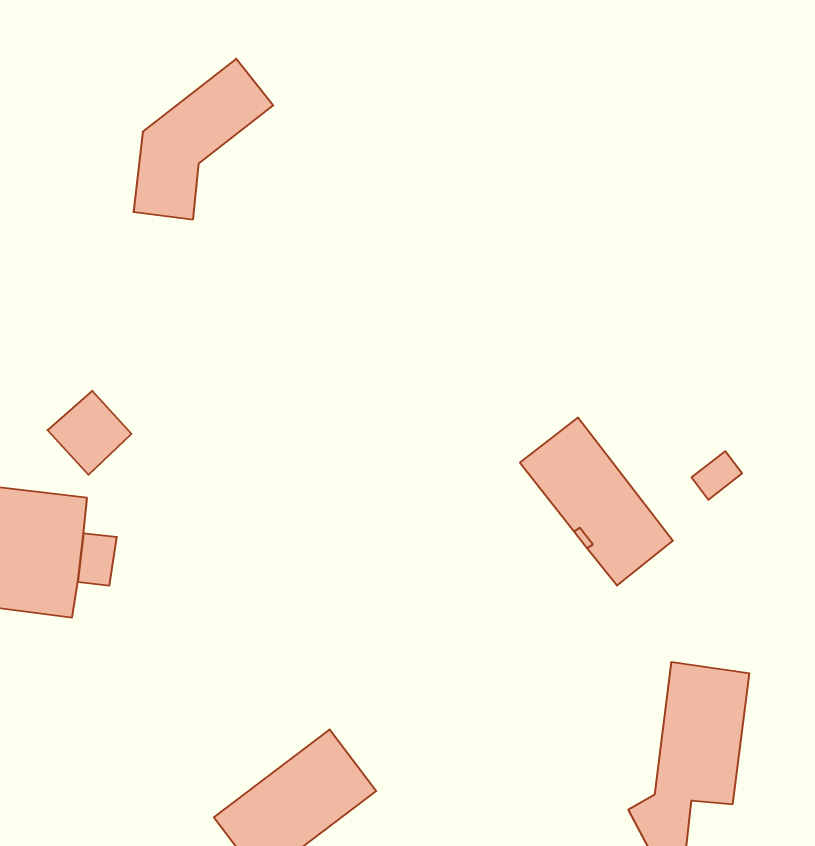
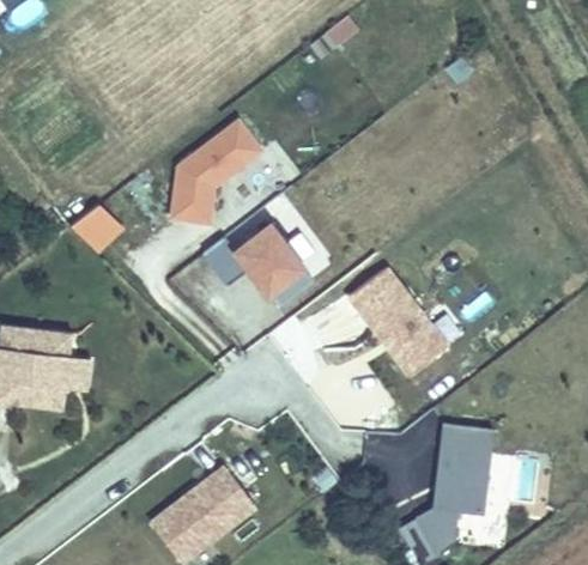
building: [133,59,273,219] -> [172,116,262,219]
building: none -> [205,219,313,303]
building: [47,391,131,475] -> [65,203,119,257]

